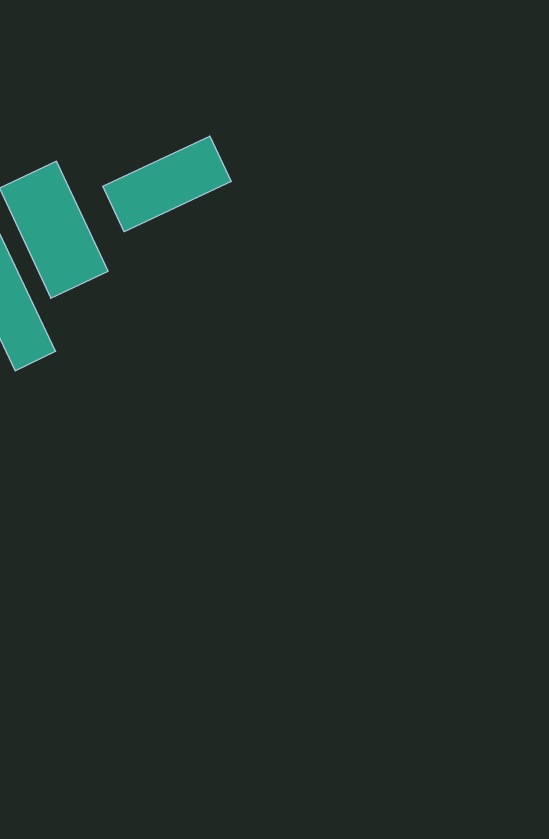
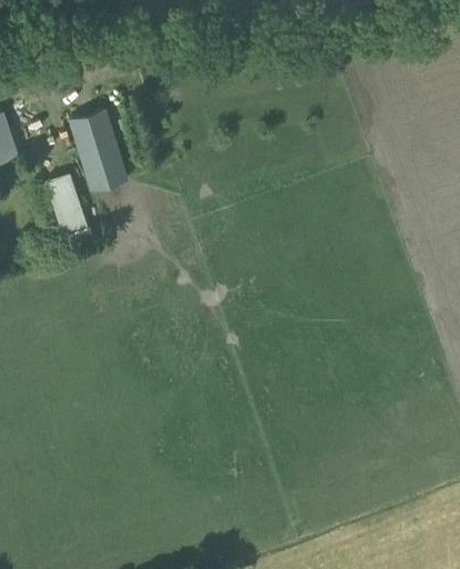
building: [103,136,231,232] -> none

